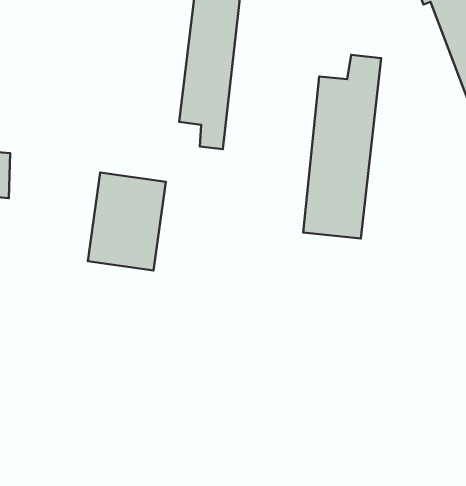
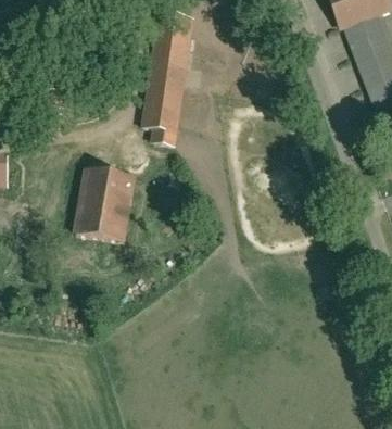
building: [303,55,381,238] -> none

